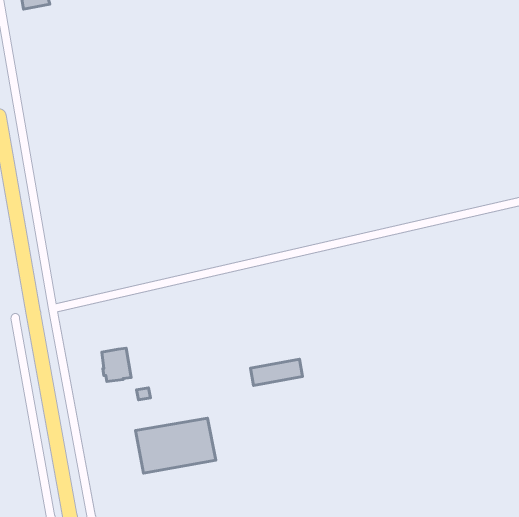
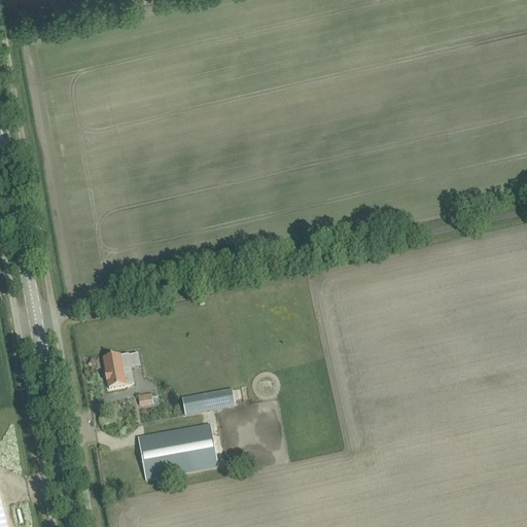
building: [250,359,302,386] -> [181,387,234,414]

